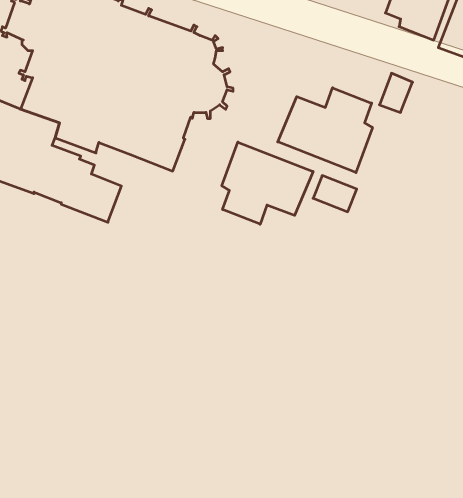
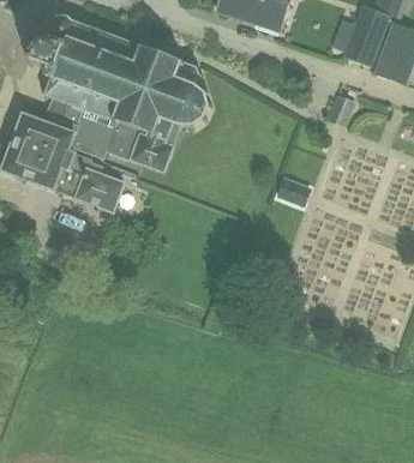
building: [278,88,372,173] -> none
building: [222,142,313,224] -> none

